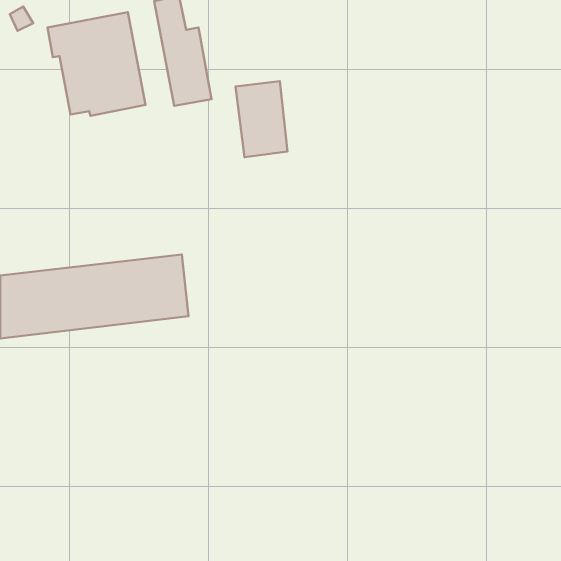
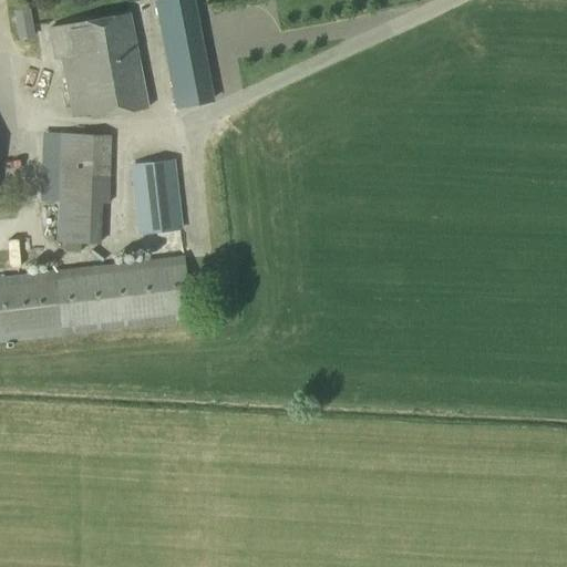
building: [236,81,287,157] -> [131,157,183,234]
building: none -> [41,131,112,244]

